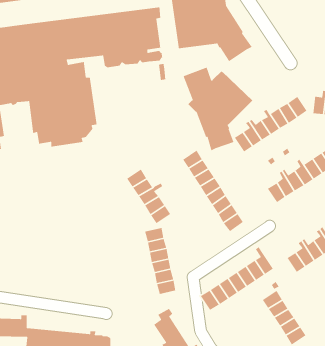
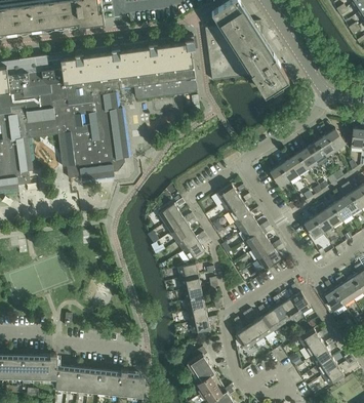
building: [182,67,253,152] -> none

